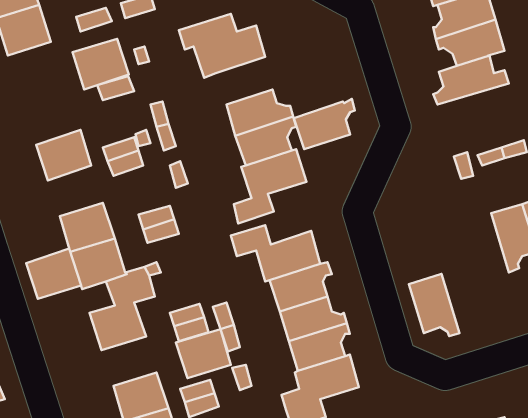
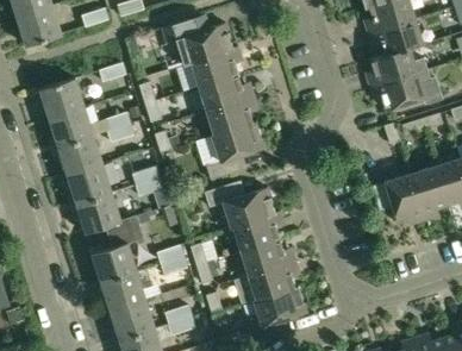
building: [72,39,129,89] -> [38,77,83,118]
building: none -> [369,69,430,109]
building: [294,99,355,149] -> [192,45,241,86]
building: [26,248,81,299] -> [57,134,101,175]
building: [409,274,459,336] -> [386,173,426,222]
building: [176,329,231,378] -> [100,271,144,311]

